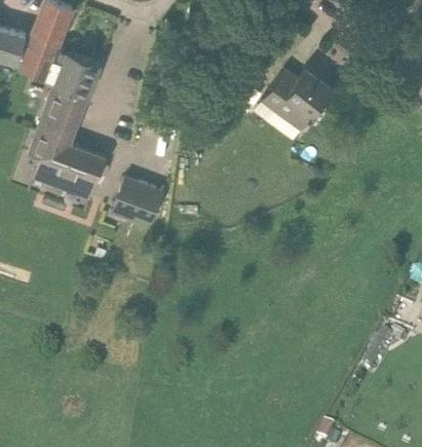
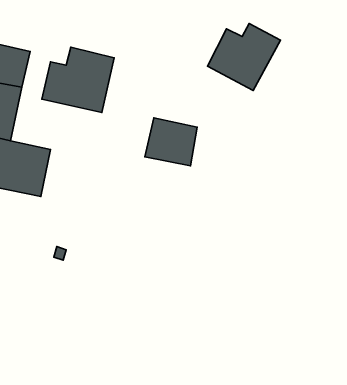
building: none -> [42,47,114,113]
building: [112,174,164,223] -> [145,118,197,166]

